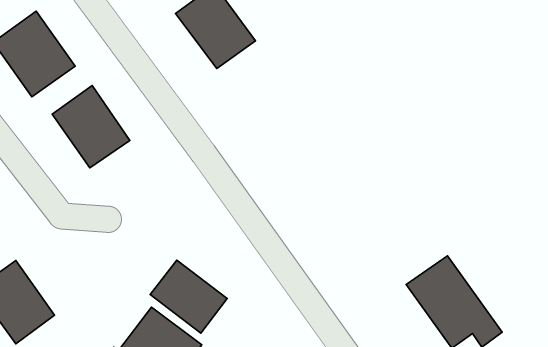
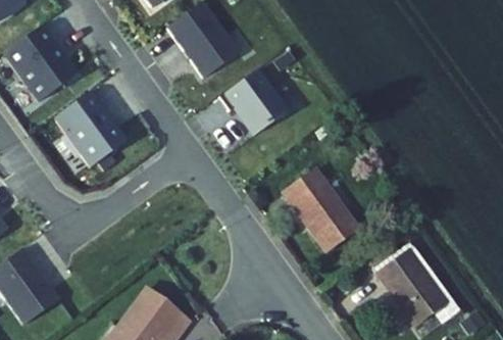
building: none -> [219,68,287,134]
building: none -> [284,171,358,252]
building: [150,260,227,333] -> none

